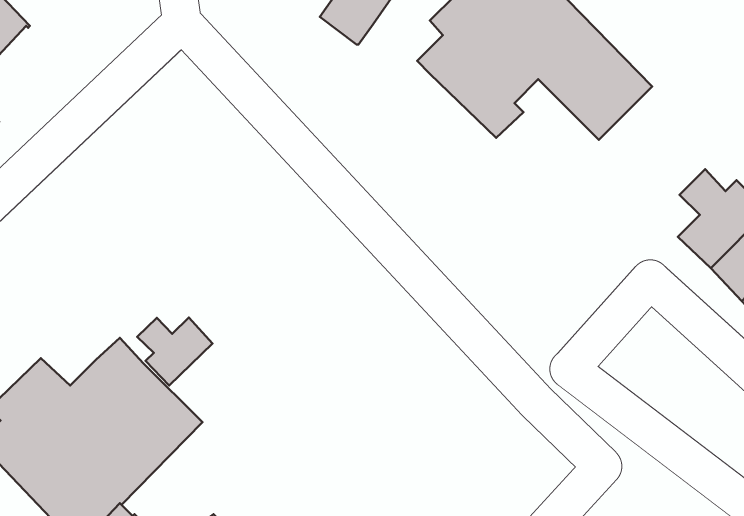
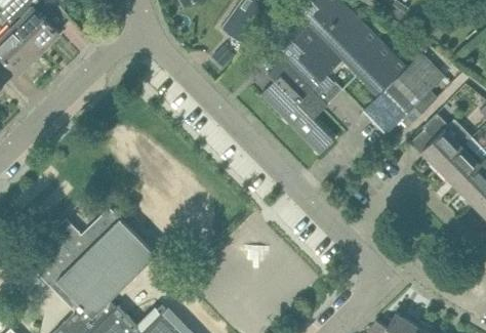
building: none -> [367,52,445,134]
building: none -> [260,59,334,155]
building: [137,317,213,386] -> none

